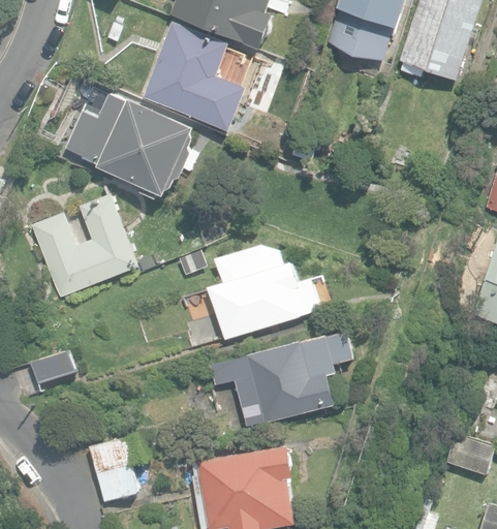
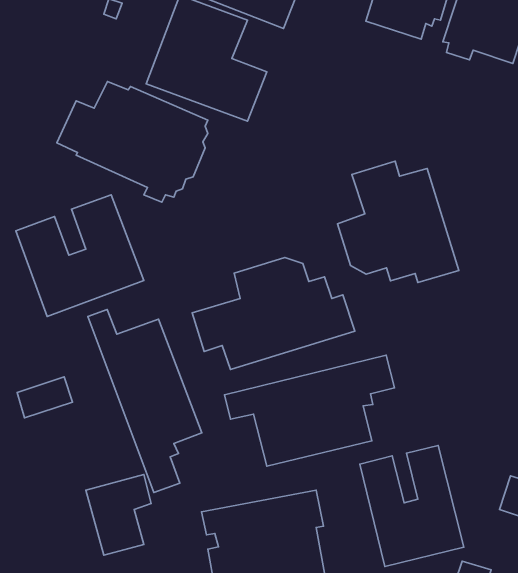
building: none -> [337,161,459,283]
building: none -> [88,310,202,492]
building: none -> [360,445,464,567]

